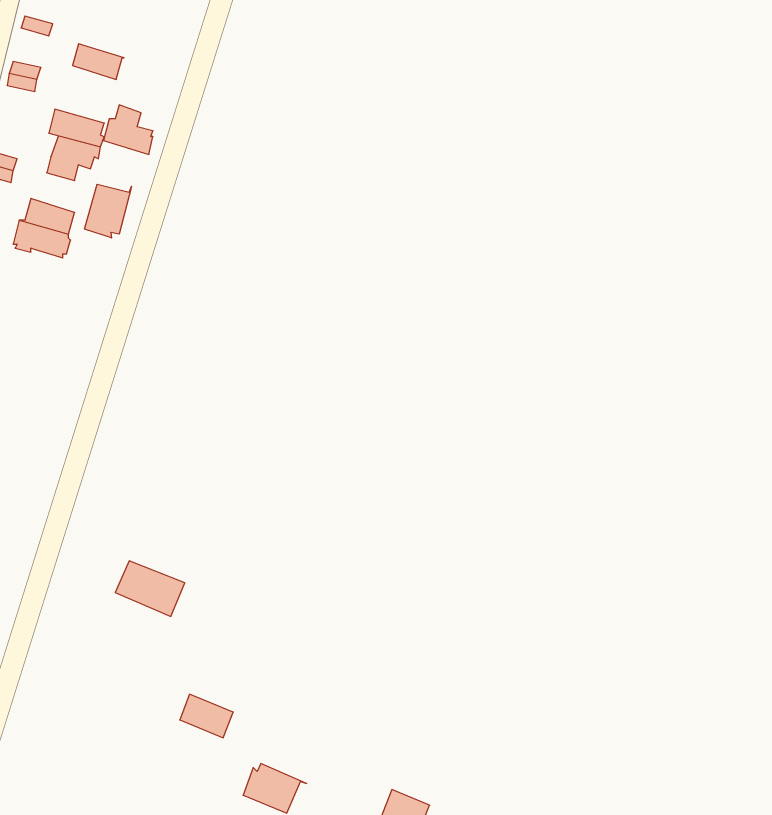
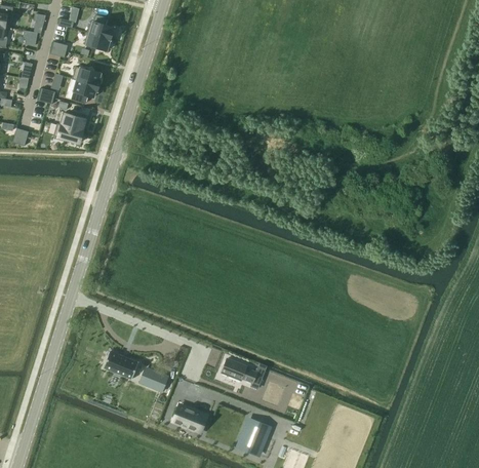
building: [103,105,153,154] -> [87,13,113,39]
building: [85,184,131,238] -> none
building: [115,561,185,616] -> [103,350,138,379]
building: none -> [221,358,266,388]

